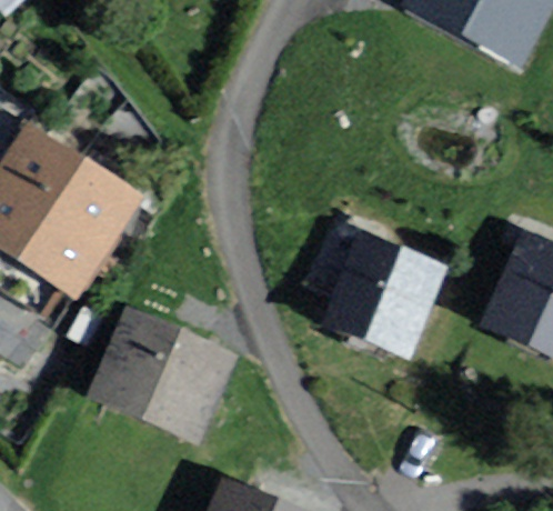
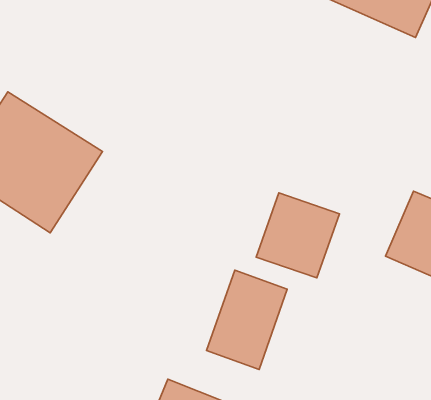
building: [92,309,234,440] -> none
building: none -> [207,270,287,370]

